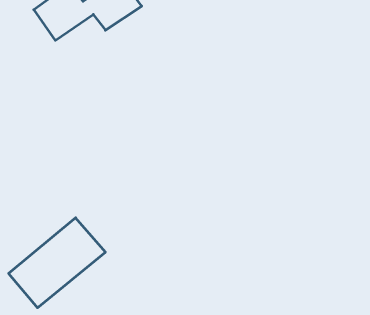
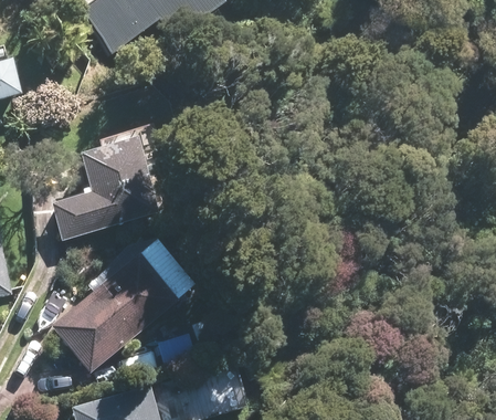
building: none -> [53,145,154,239]

